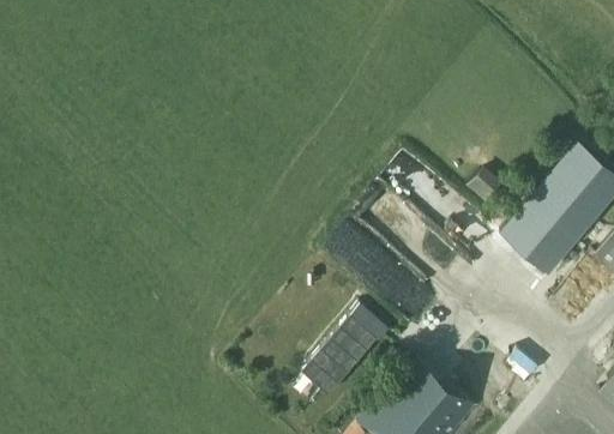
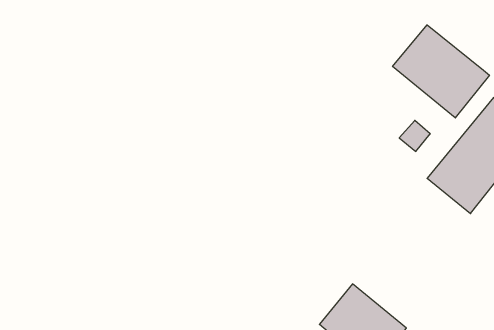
building: none -> [393,25,489,118]
building: [302,315,377,392] -> none

